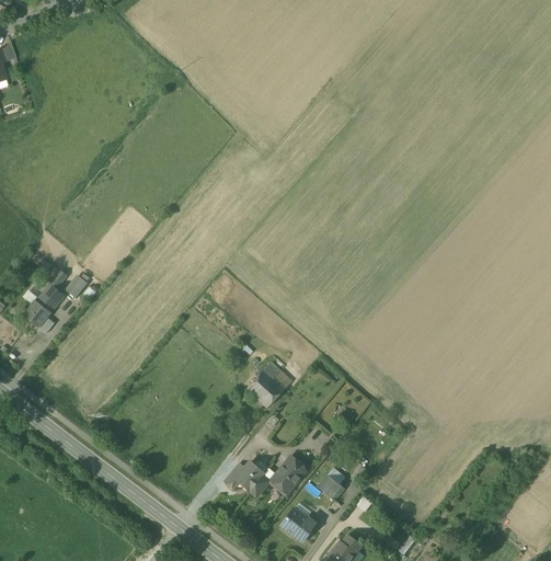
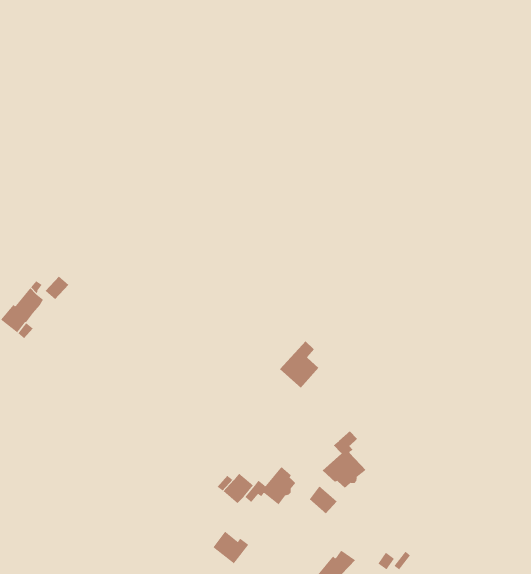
building: [246,360,285,407] -> [279,340,319,389]
building: none -> [322,431,366,488]
building: [282,508,317,540] -> [212,531,249,564]

